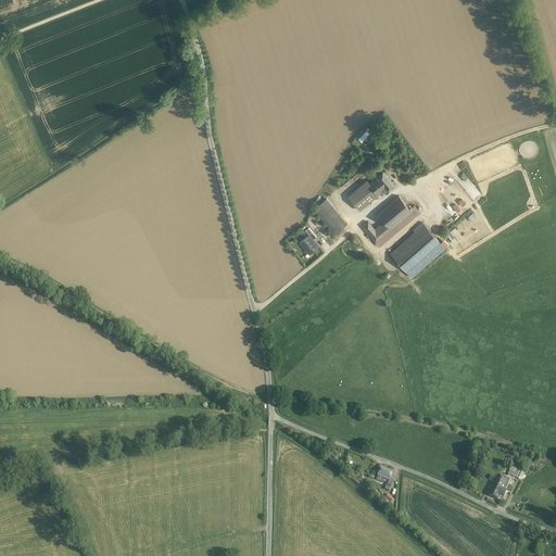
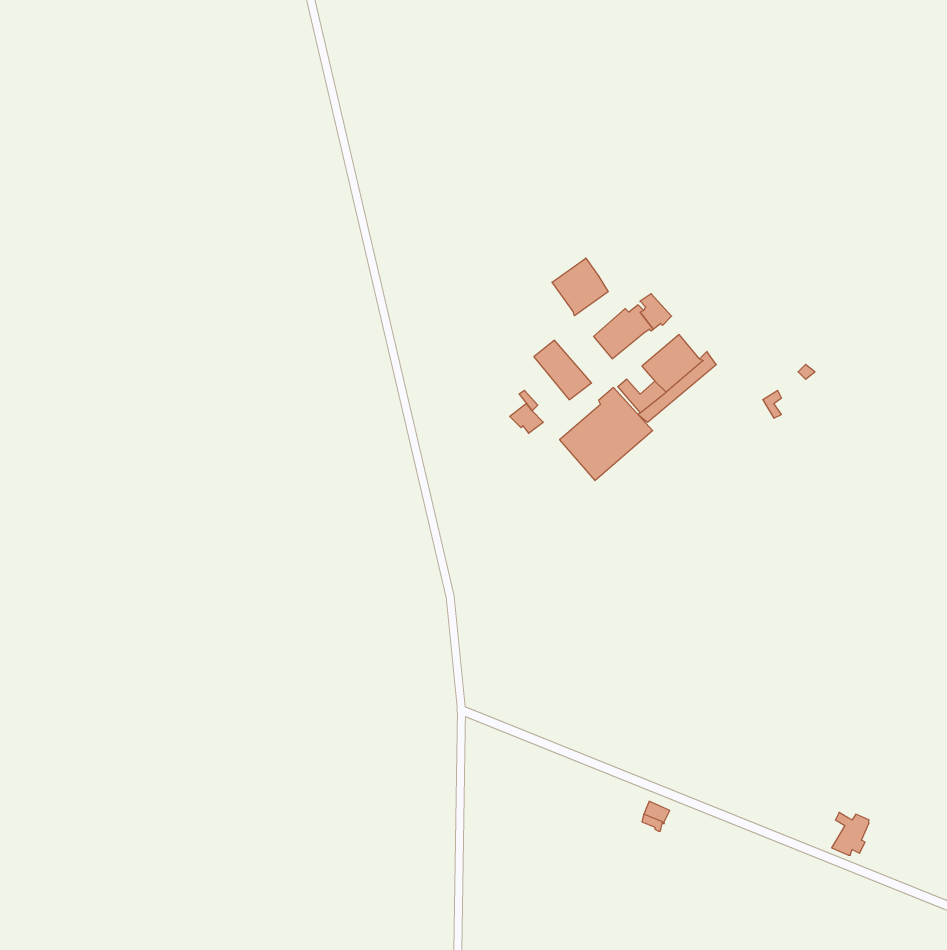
building: none -> [552,258,608,316]
building: [389,223,443,277] -> [560,388,653,481]

